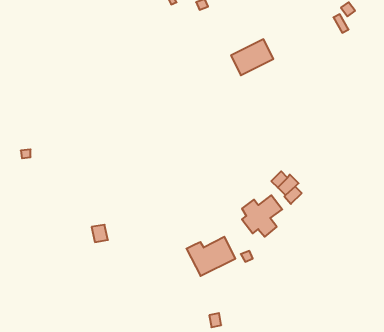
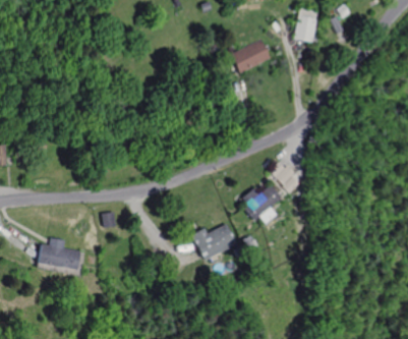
building: none -> [294,7,319,43]
building: none -> [39,239,82,270]

